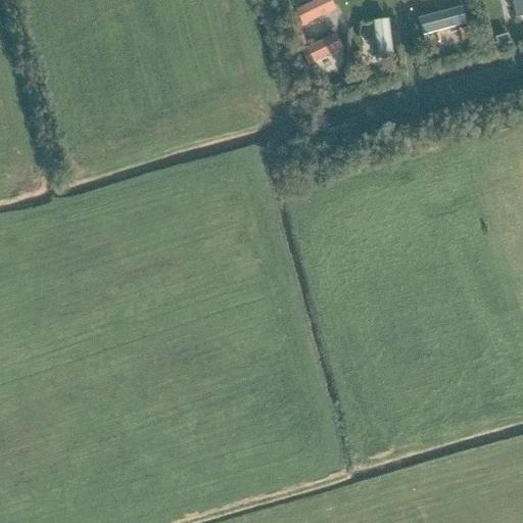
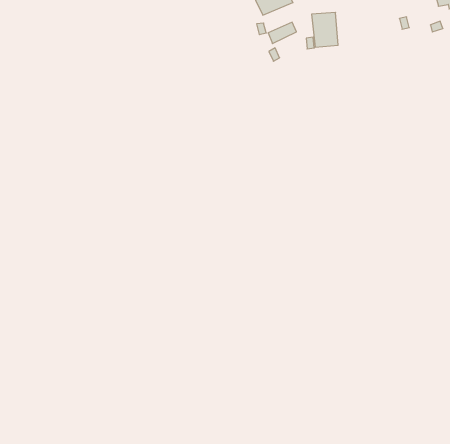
building: [420,9,457,35] -> none

